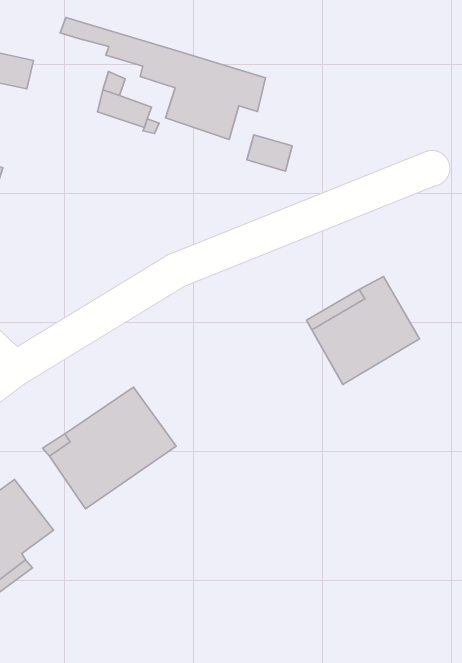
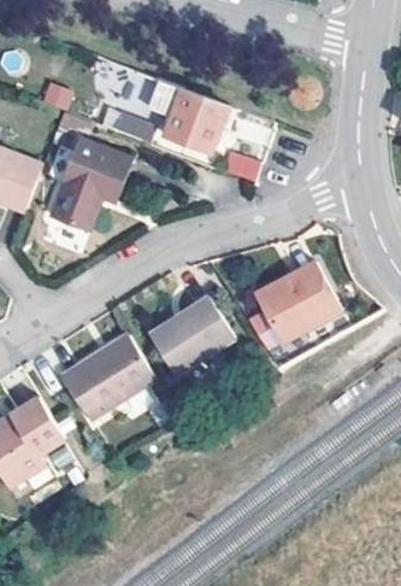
building: none -> [52,140,132,233]
building: none -> [149,295,234,374]

